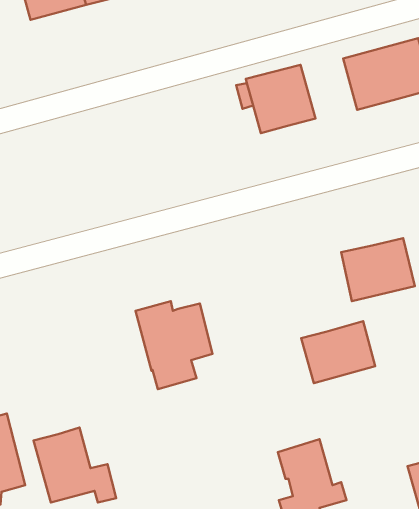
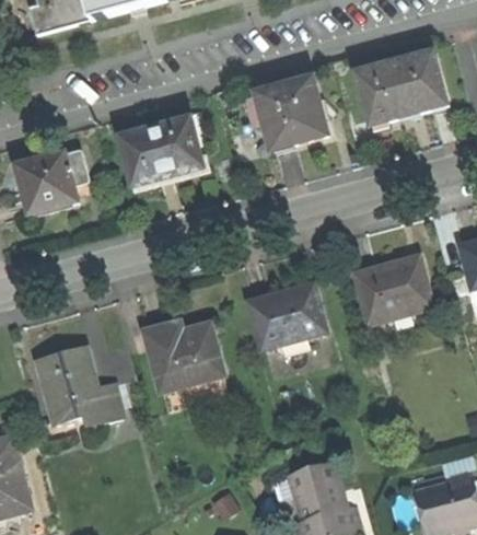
building: none -> [119,117,202,185]
building: none -> [15,152,85,212]
building: [301,321,375,383] -> [248,283,324,347]
building: [34,428,116,503] -> [37,346,121,422]

